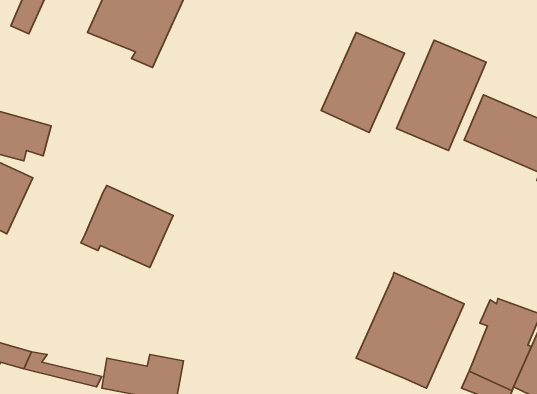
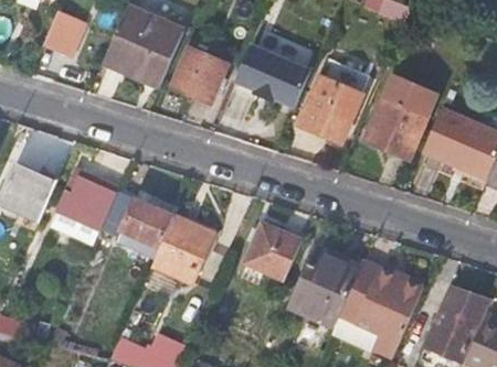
building: none -> [235,43,311,106]
building: none -> [170,47,231,104]
building: none -> [56,168,120,231]
building: none -> [154,215,214,283]
building: none -> [244,224,302,282]
building: none -> [288,246,362,327]

